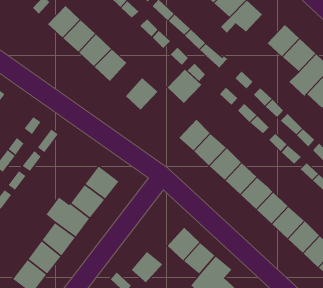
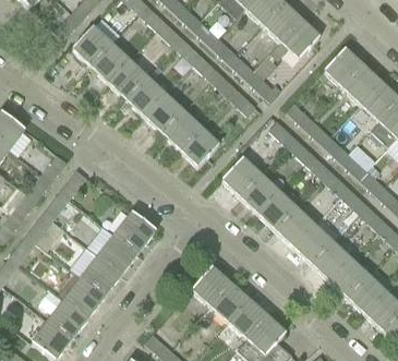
building: none -> [144,93,181,131]
building: [167,69,202,104] -> [179,125,219,166]
building: [131,251,163,283] -> [192,266,229,303]

